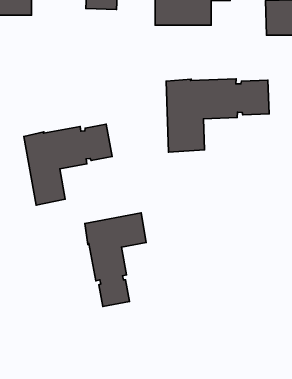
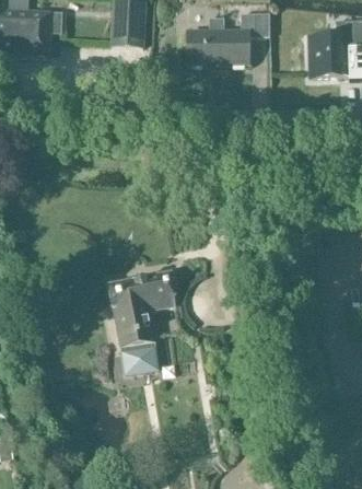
building: [166,79,269,152] -> none
building: [24,124,112,205] -> none

